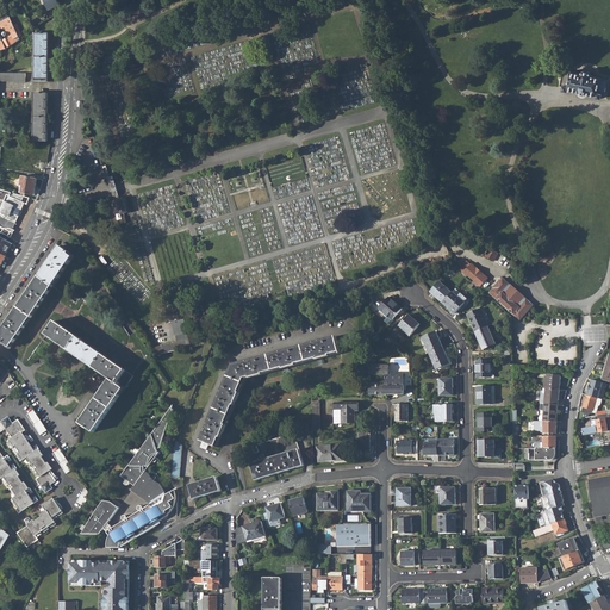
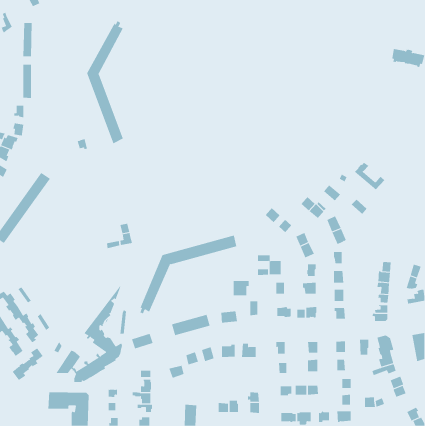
building: none -> [87,20,123,144]
building: [487,278,531,318] -> [354,162,385,190]
building: [39,322,119,432] -> none
building: [335,523,368,544] -> none

